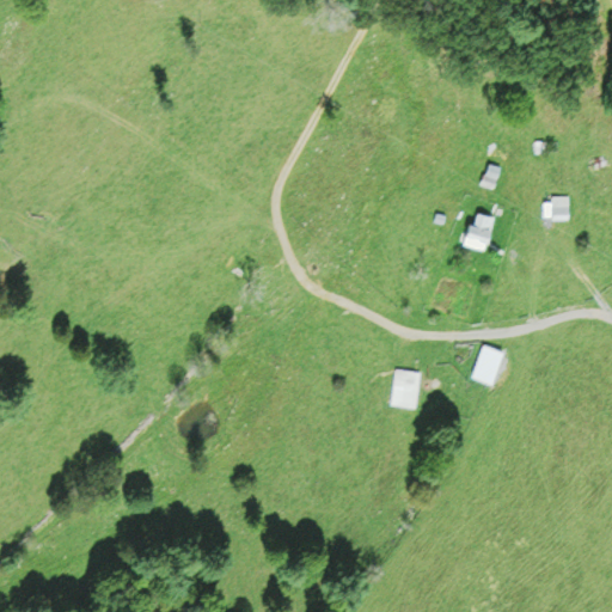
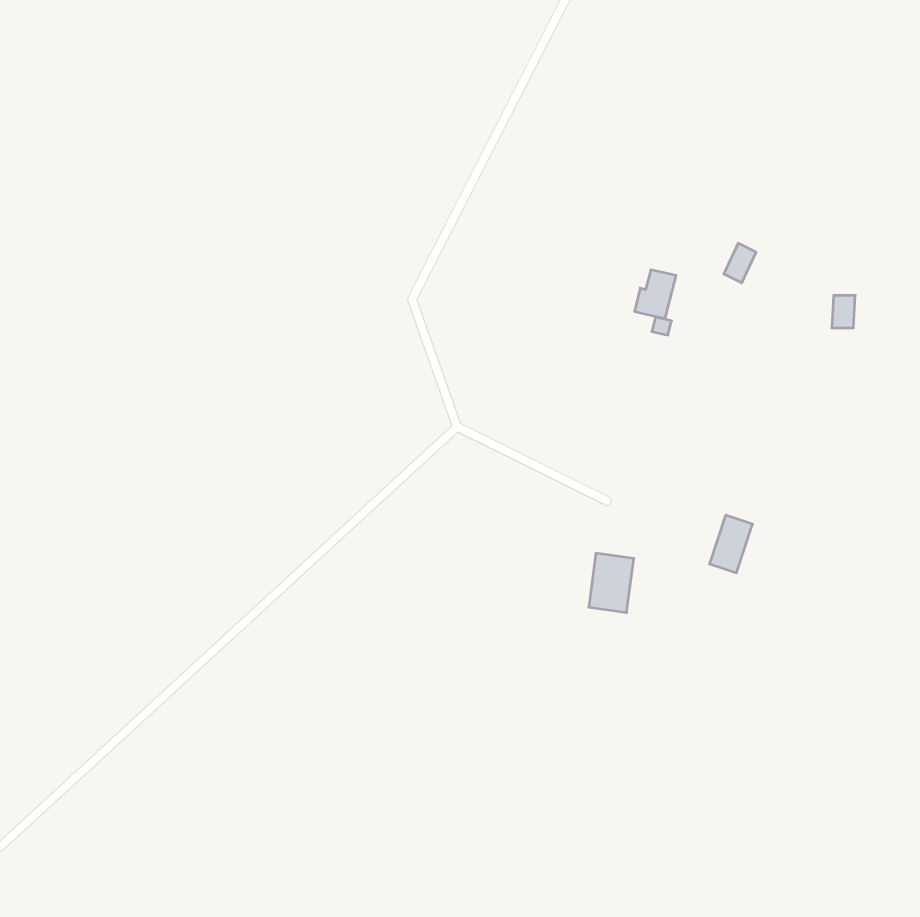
building: [466,214,494,246] -> [635,270,676,319]

